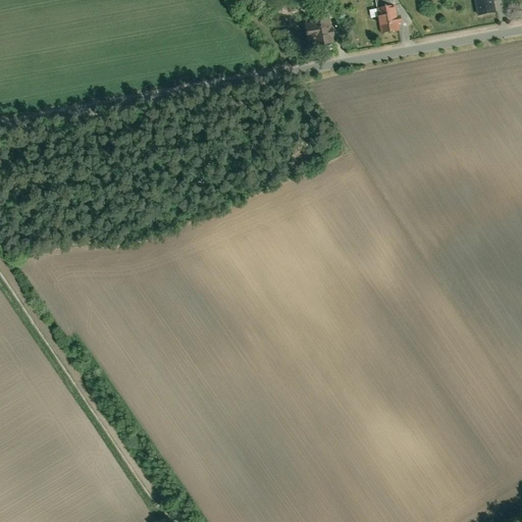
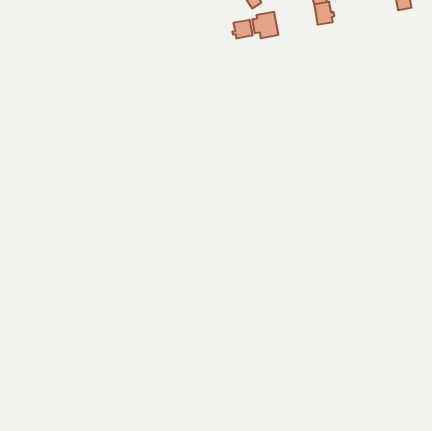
building: none -> [233,20,252,39]

